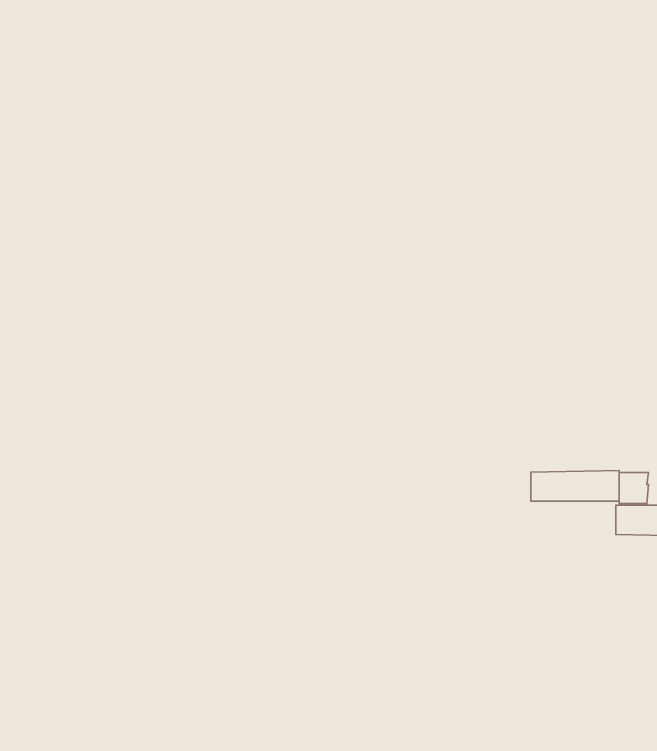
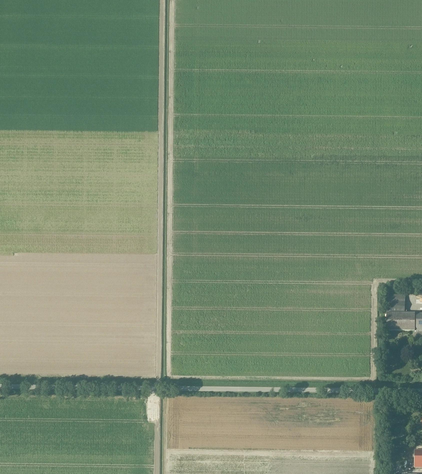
building: [531,470,619,501] -> none

